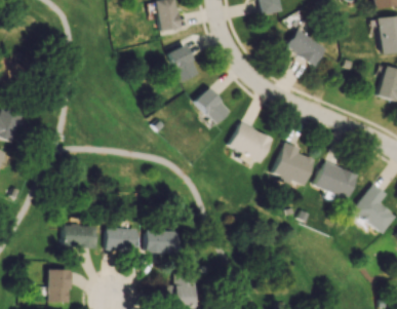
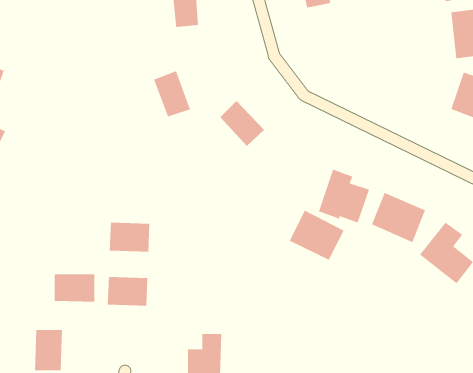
building: [286,29,326,66] -> none
building: [167,44,197,81] -> [153,71,191,117]
building: [228,121,272,161] -> [289,210,345,260]
building: [146,229,178,253] -> [109,222,150,252]

